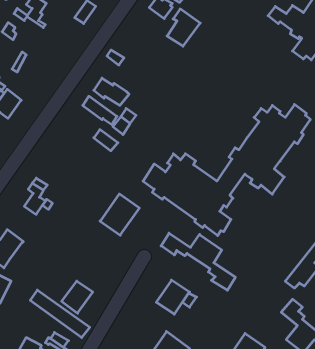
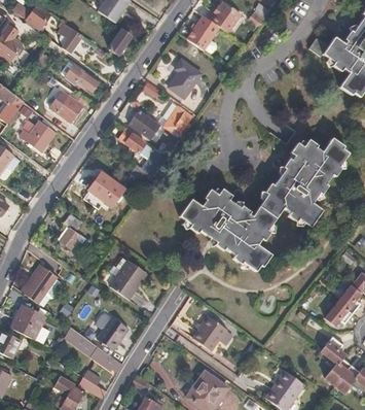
building: [167,9,200,46] -> [166,59,199,97]
building: none -> [65,64,98,92]
building: none -> [50,86,85,122]
building: none -> [162,105,190,137]
building: none -> [87,170,121,203]
building: [100,194,139,235] -> [108,259,148,301]
building: [161,233,235,290] -> none

